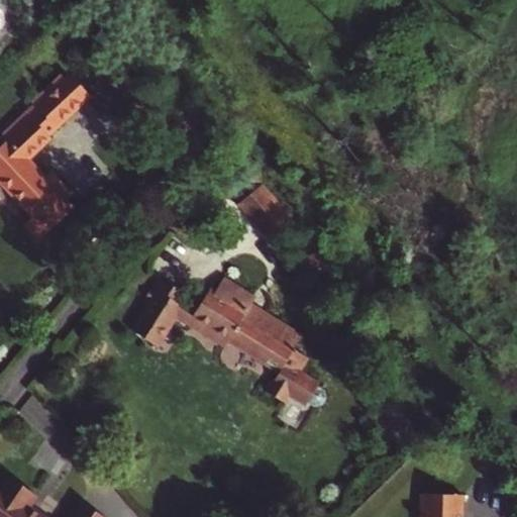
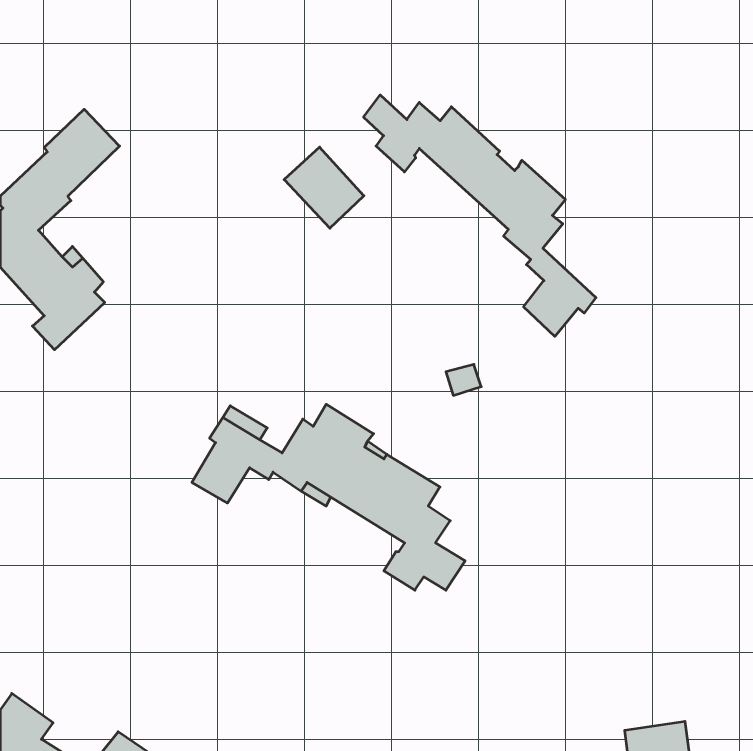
building: none -> [364,95,596,336]
building: [240,182,295,237] -> [284,147,364,228]

